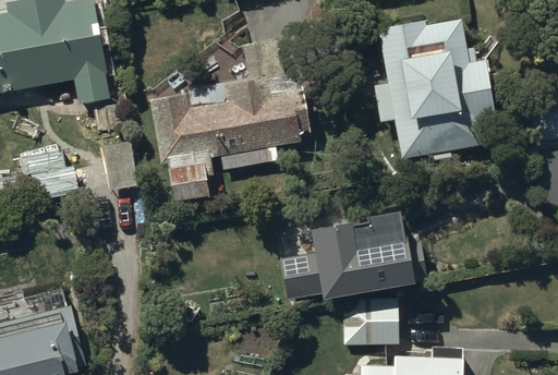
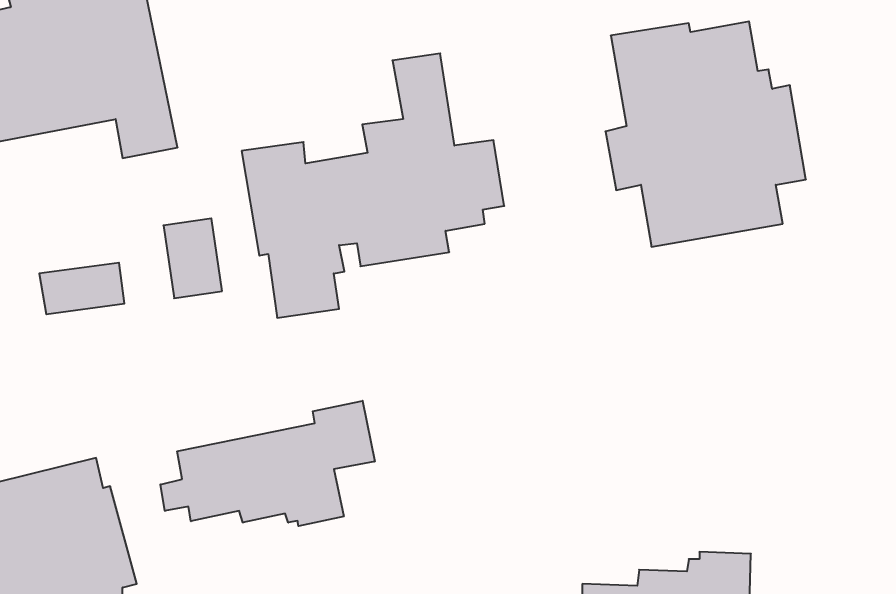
building: [280,208,428,347] -> none
building: none -> [160,401,375,526]

